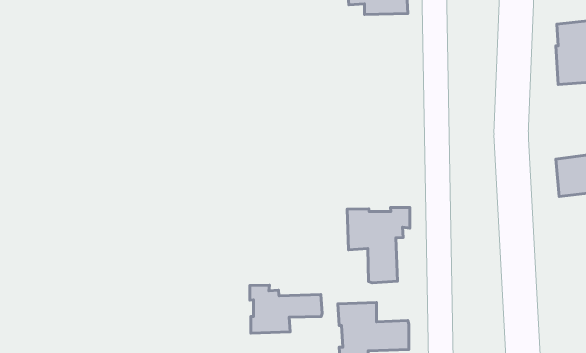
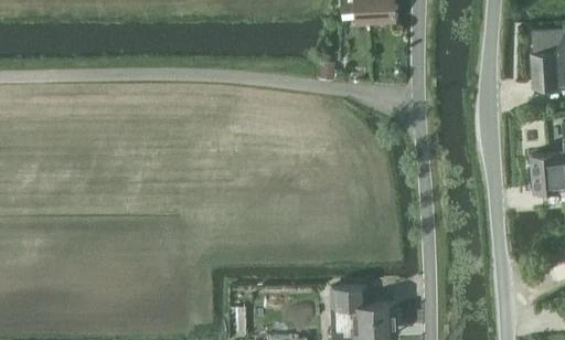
building: [347,208,410,283] -> none
building: [250,285,322,333] -> none

